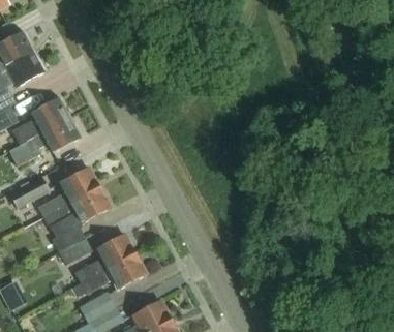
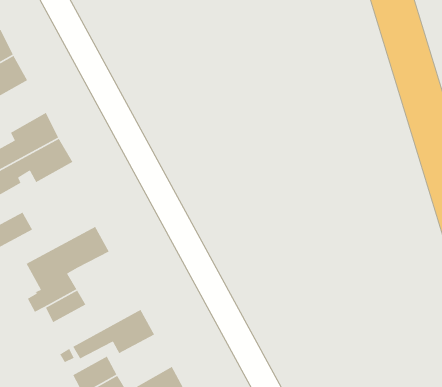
building: [37,167,99,217] -> none
building: [74,233,135,283] -> none

